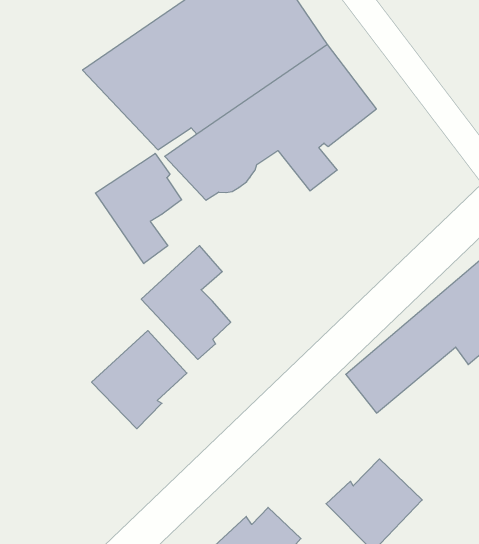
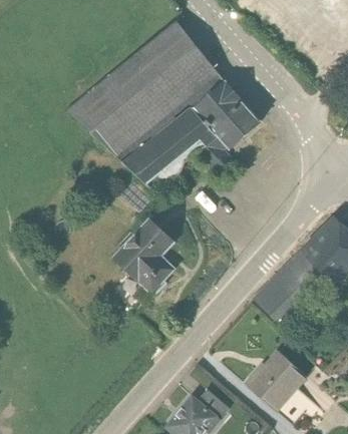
building: [95,153,182,264] -> none
building: [92,331,187,429] -> none

